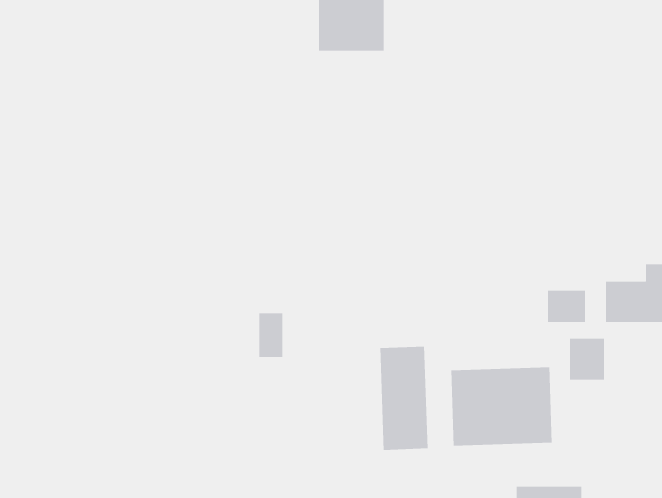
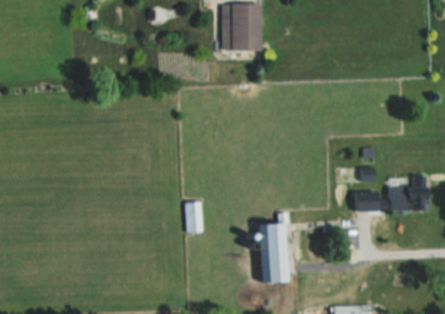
building: [569,338,605,380] -> none
building: [450,366,553,447] -> none

